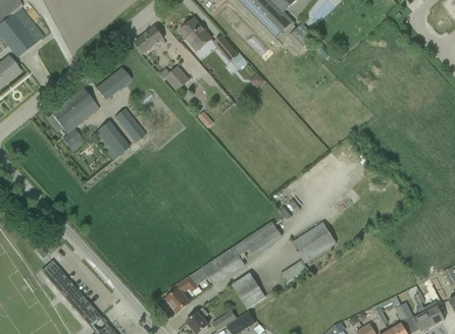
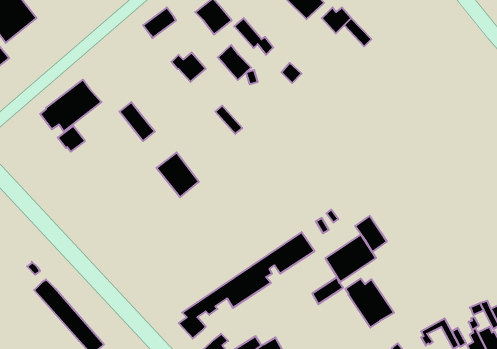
building: none -> [218,45,251,80]
building: [95,66,131,99] -> none
building: [92,120,129,159] -> [156,152,199,197]
building: none -> [355,216,387,252]
building: none -> [345,279,394,328]
building: [231,272,265,308] -> none

